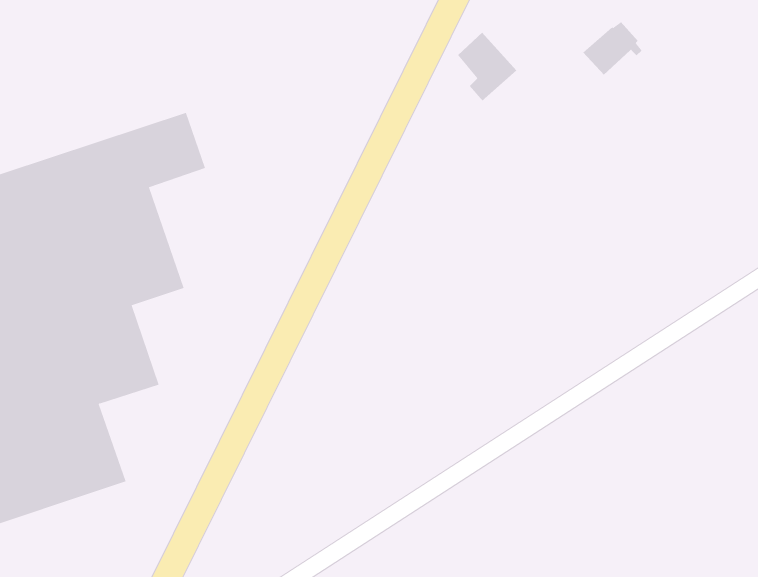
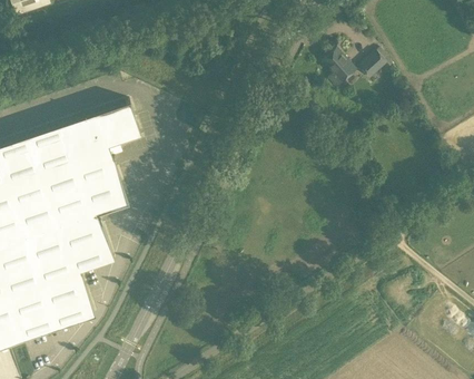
building: [457,32,517,102] -> [320,49,355,89]

